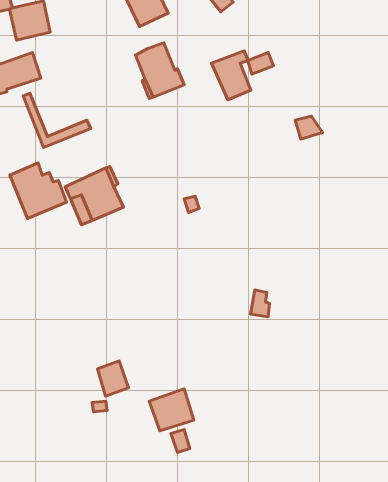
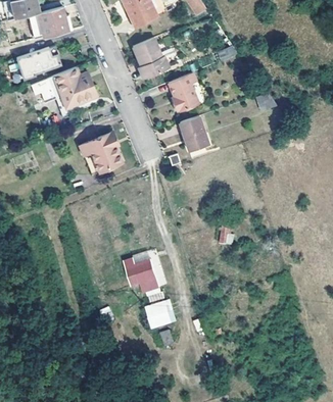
building: [212,51,251,100] -> [167,72,196,109]
building: none -> [179,114,208,150]
building: [10,163,67,218] -> [52,66,95,108]
building: [97,361,129,396] -> [134,257,157,284]

